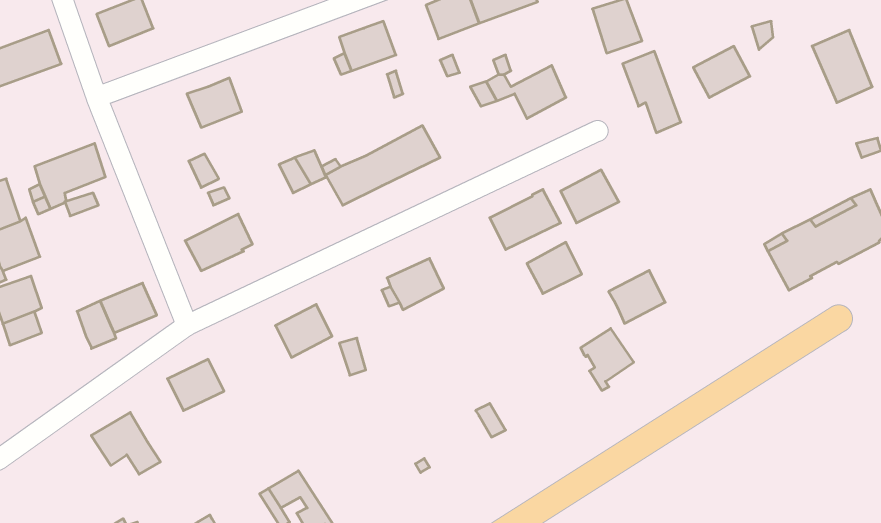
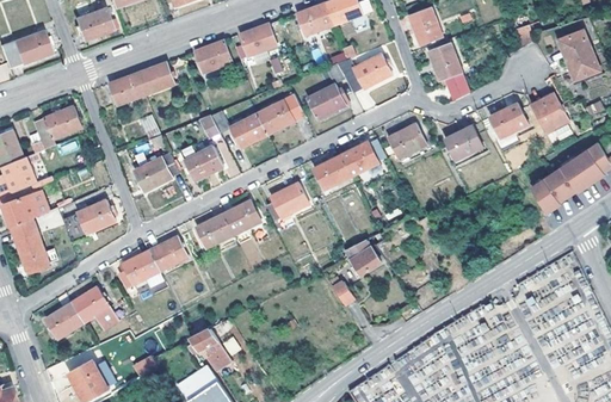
building: none -> [193,41,232,74]
building: [693,46,750,98] -> [490,101,529,136]
building: none -> [109,73,146,106]
building: none -> [308,85,346,119]
building: none -> [531,92,568,131]
building: none -> [185,147,223,183]
building: [527,242,582,294] -> [314,156,351,191]
building: [609,270,665,323] -> [444,125,482,161]
building: none -> [223,202,261,236]
building: [581,328,634,390] -> [344,240,379,282]
building: none -> [17,234,49,271]
building: none -> [150,237,189,273]
building: none -> [45,303,85,340]

